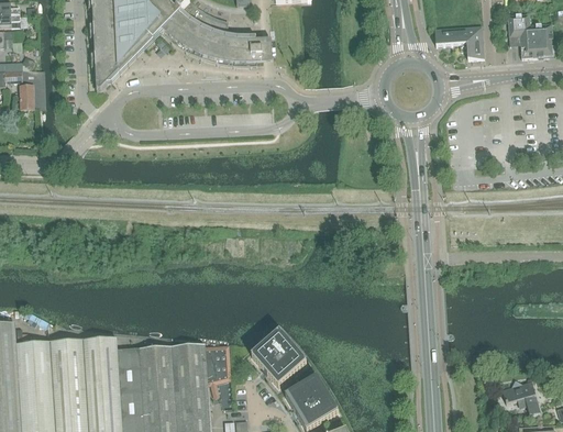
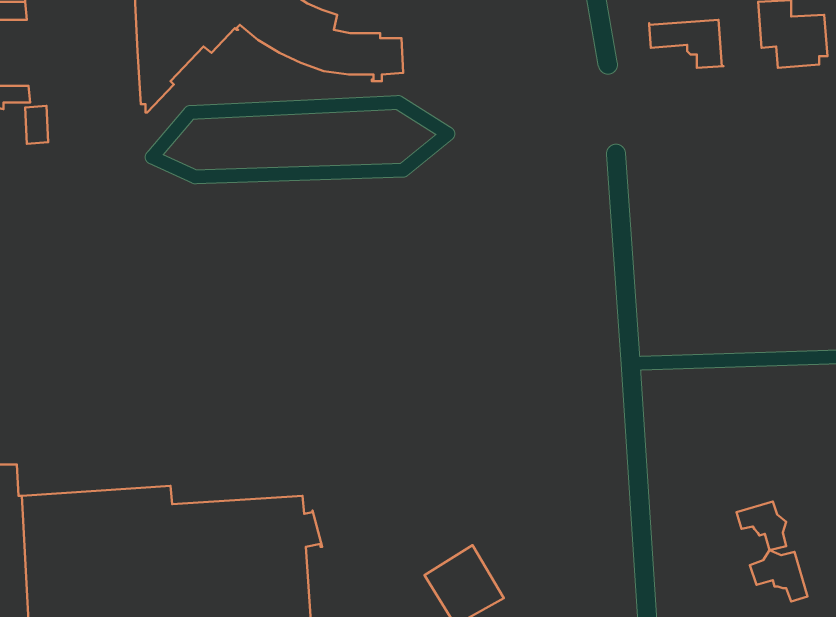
building: [252,331,307,386] -> none
building: none -> [737,501,786,550]

